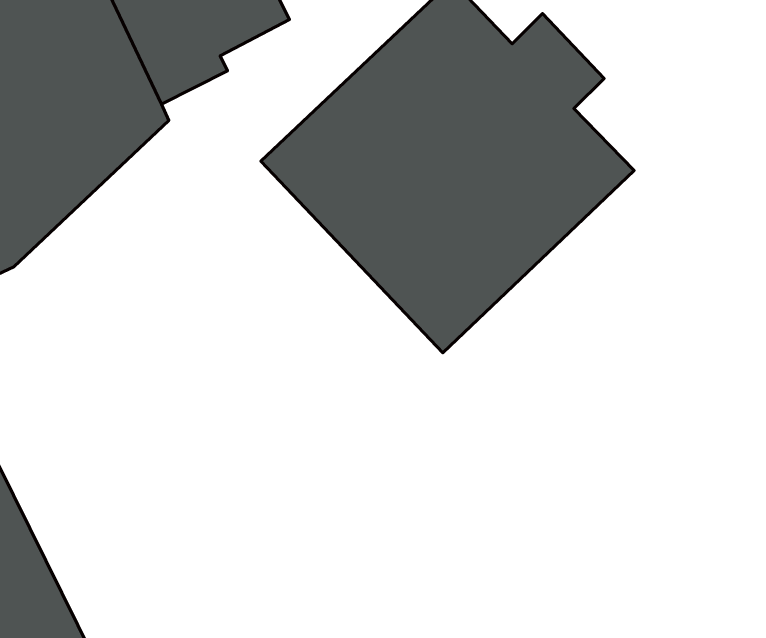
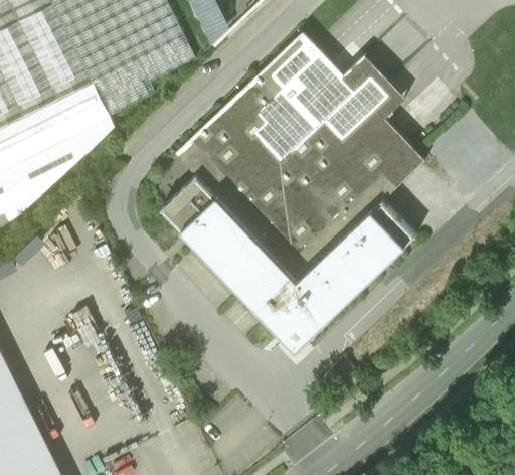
building: none -> [160,175,415,350]

